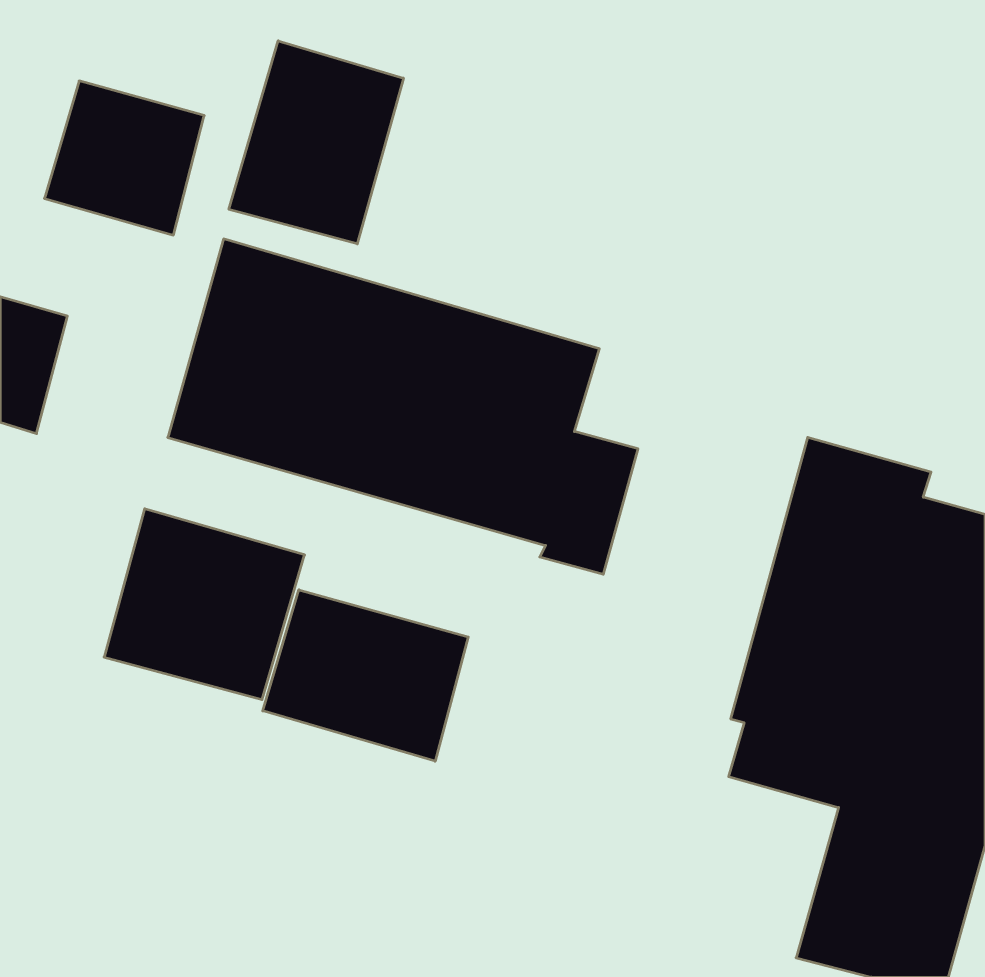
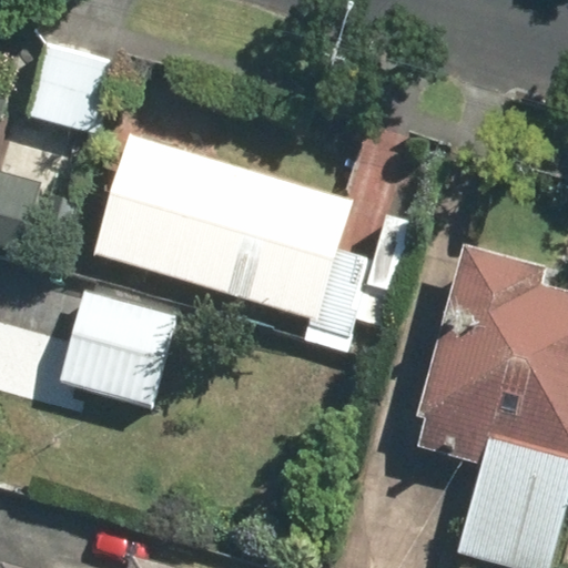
building: [229,41,403,244] -> none
building: [263,590,468,761] -> none

